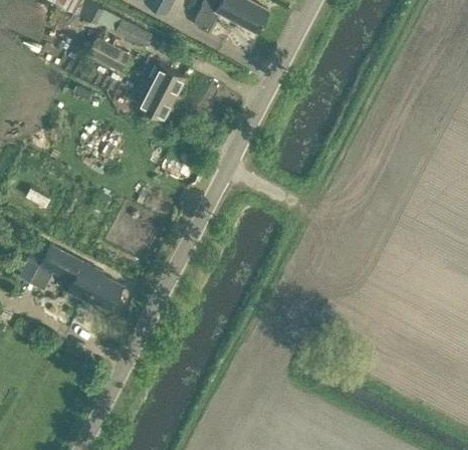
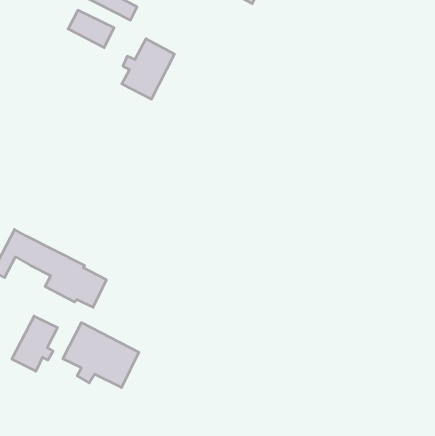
building: none -> [12,316,57,371]
building: none -> [63,323,139,388]

